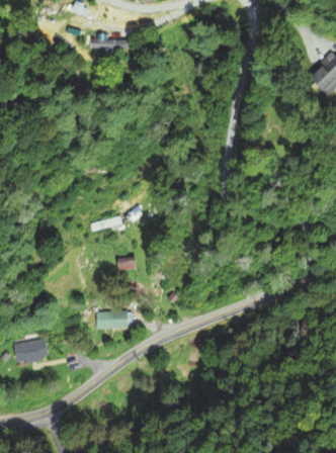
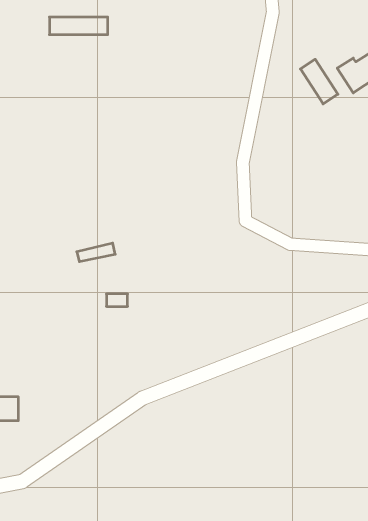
building: none -> [300,59,338,104]
building: [96,310,131,328] -> none

